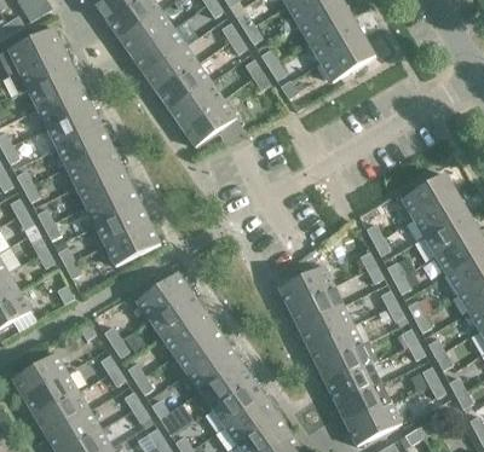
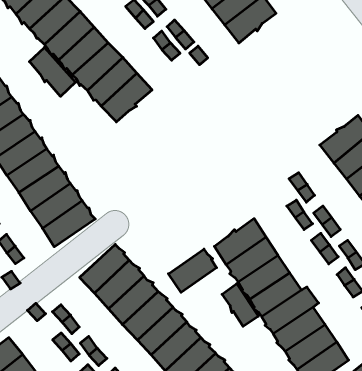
building: none -> [29,47,76,96]
building: none -> [168,249,217,292]
building: none -> [222,284,258,326]

